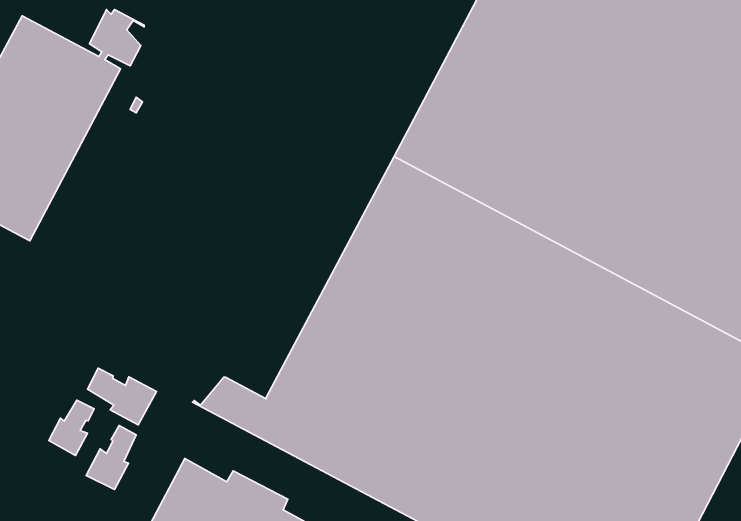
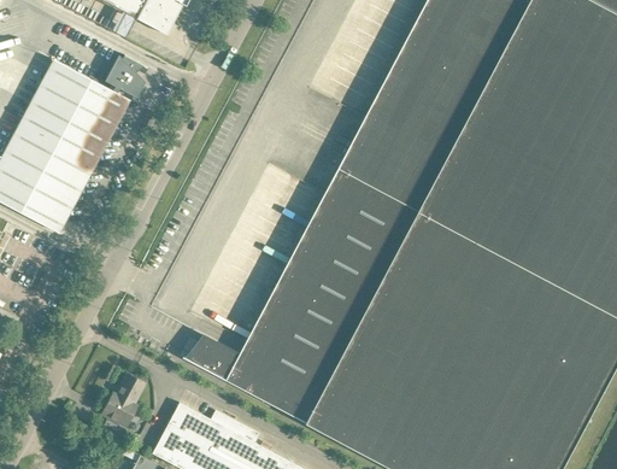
building: [87,368,157,425] -> none
building: [49,400,94,455] -> none

